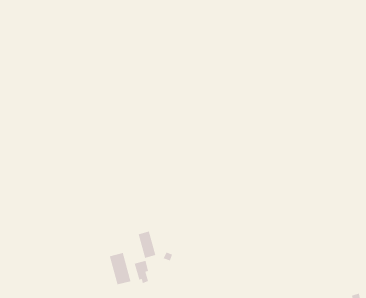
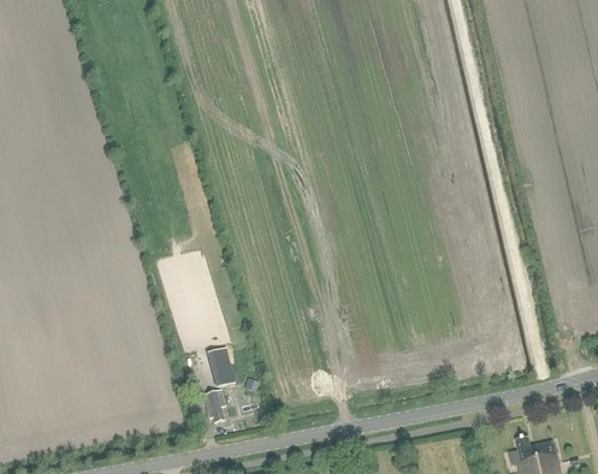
building: [109,252,131,285] -> none

